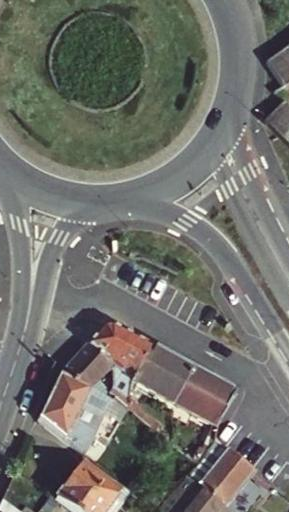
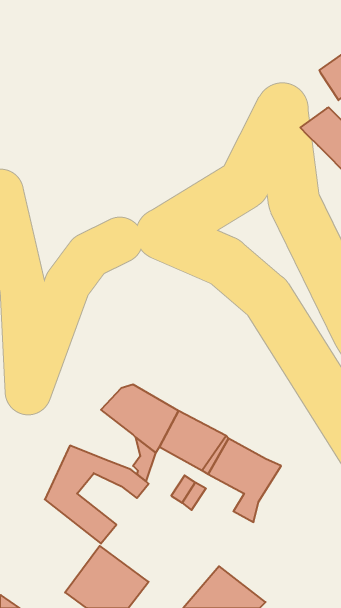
building: [60,343,113,386] -> none
building: [185,440,251,504] -> none

